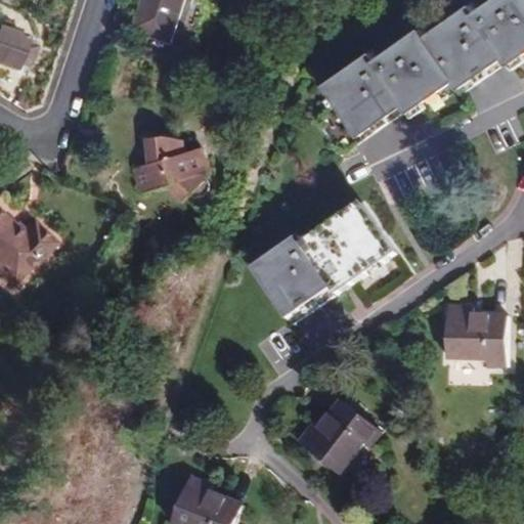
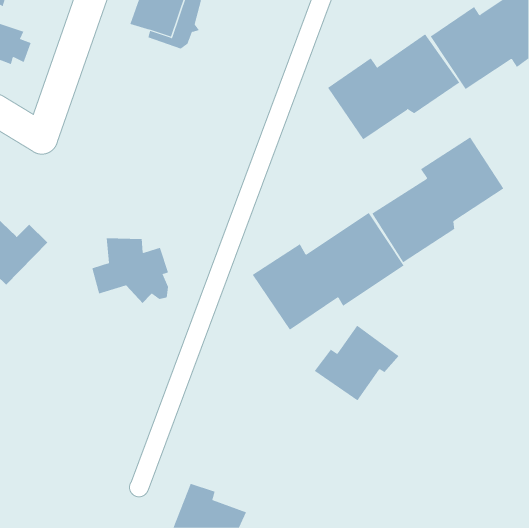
building: [130,132,206,196] -> [91,238,169,304]
building: none -> [372,137,504,263]
building: [444,302,506,363] -> none
building: [296,396,380,471] -> [314,325,400,401]

